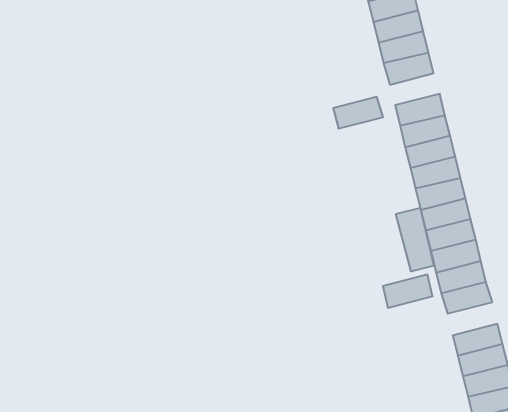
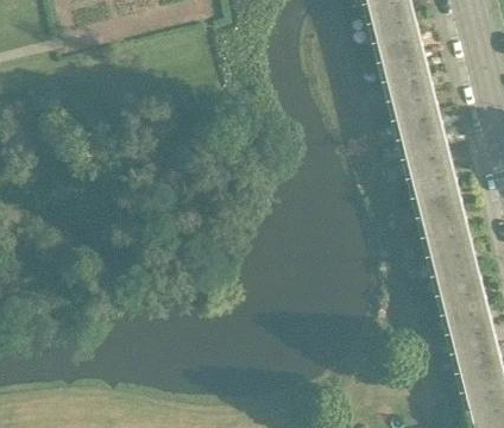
building: [333,97,383,129] -> [391,92,437,121]
building: [396,208,434,271] -> none
building: [383,274,433,308] -> [445,304,491,335]

